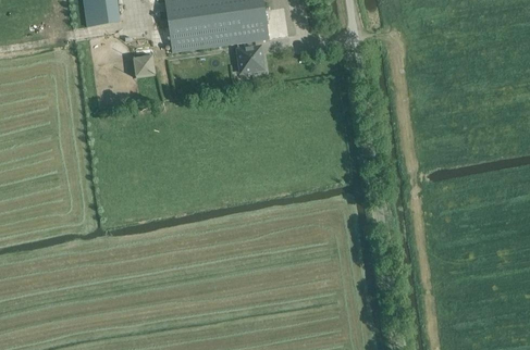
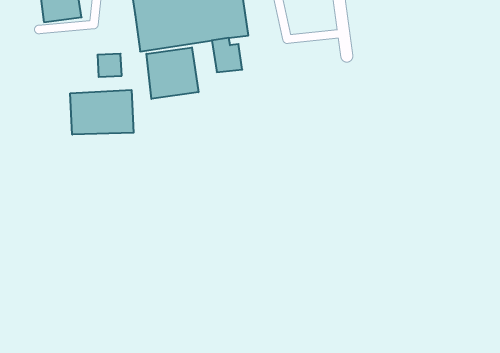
building: none -> [146,47,198,99]
building: none -> [70,90,134,135]

